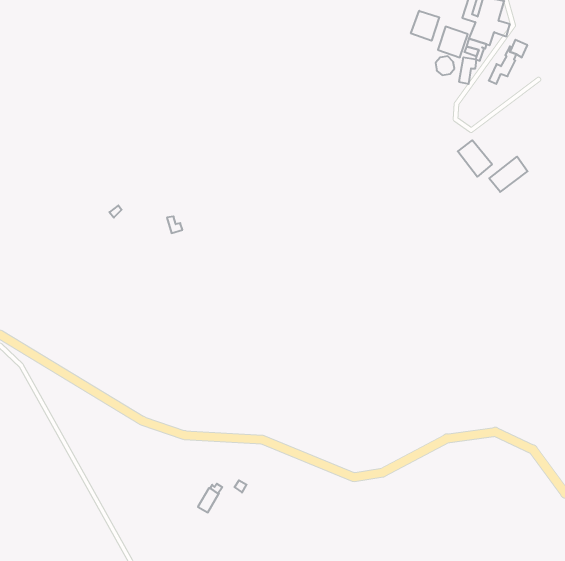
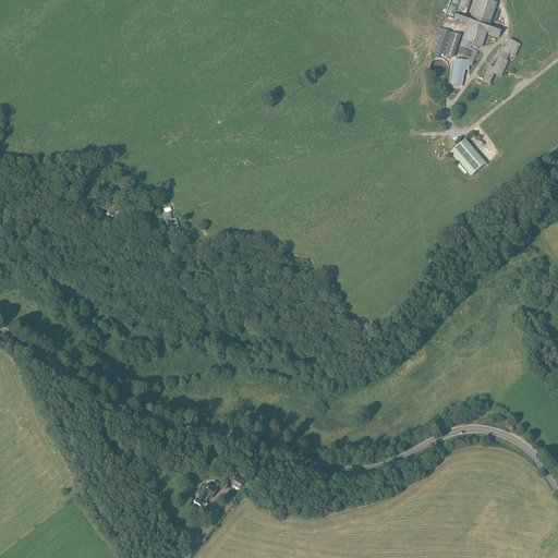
building: [411,11,439,41] -> none
building: [489,157,528,192] -> none

